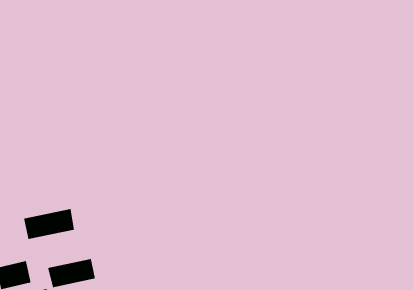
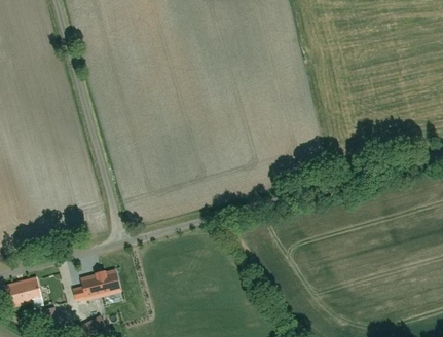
building: [23,208,75,240] -> none

